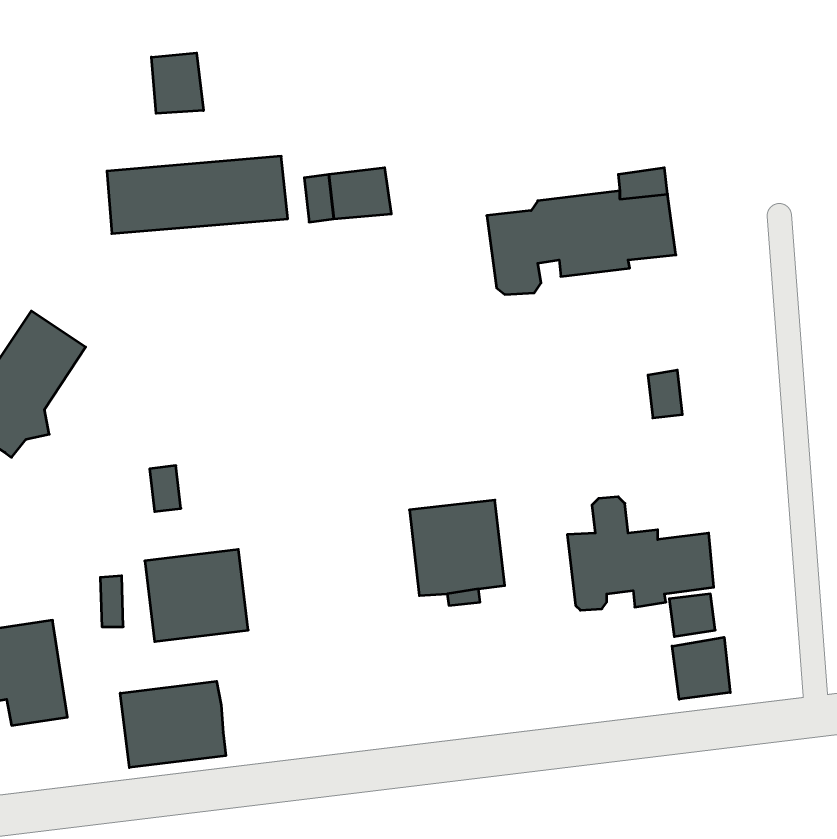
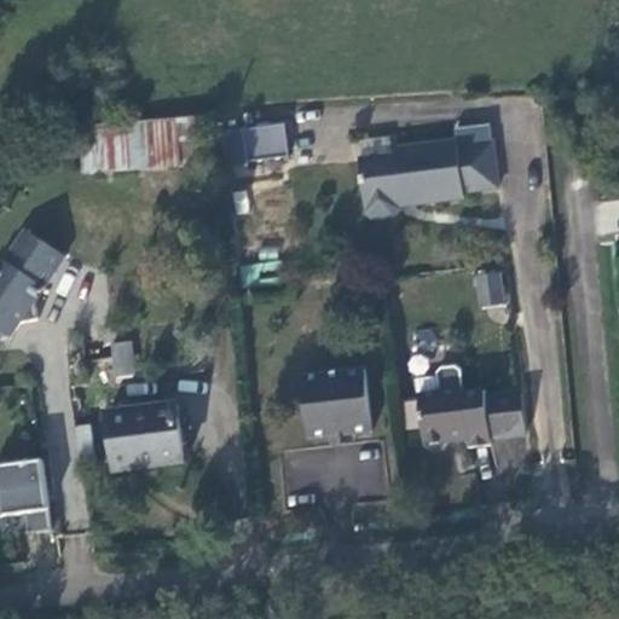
building: [151,53,203,113] -> none
building: [672,637,730,699] -> none
building: [120,681,226,768] -> none

